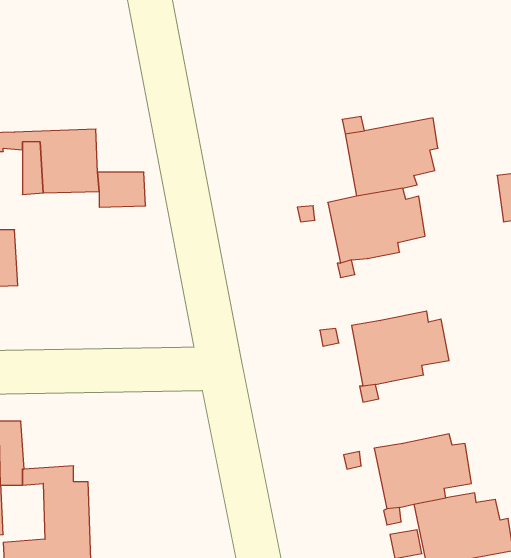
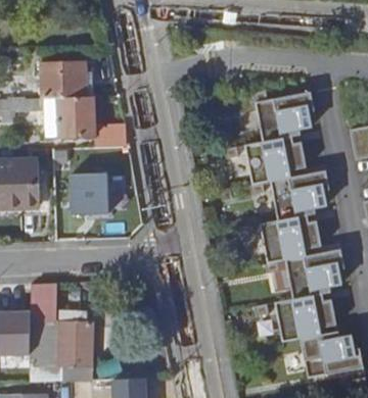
building: none -> [42,62,95,99]
building: none -> [269,168,329,219]
building: none -> [74,172,112,214]
building: none -> [284,247,343,298]

